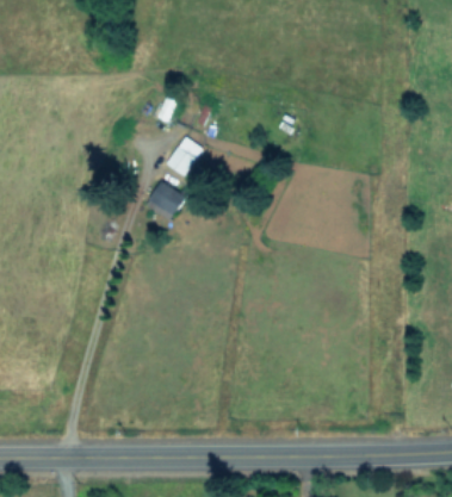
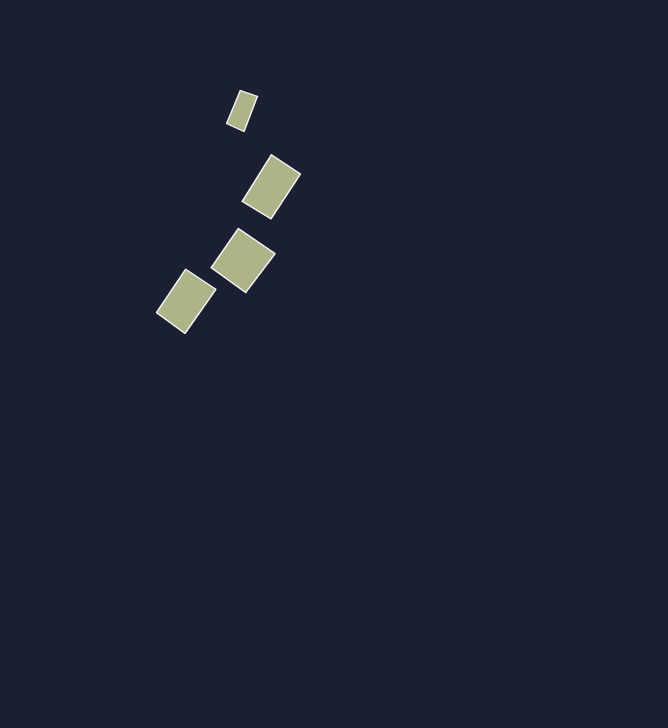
building: none -> [157,269,216,333]

